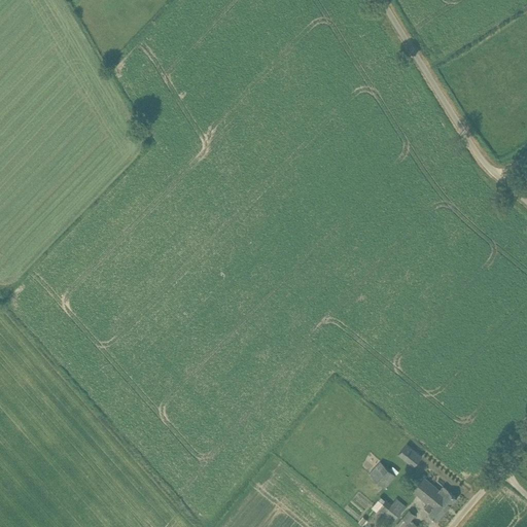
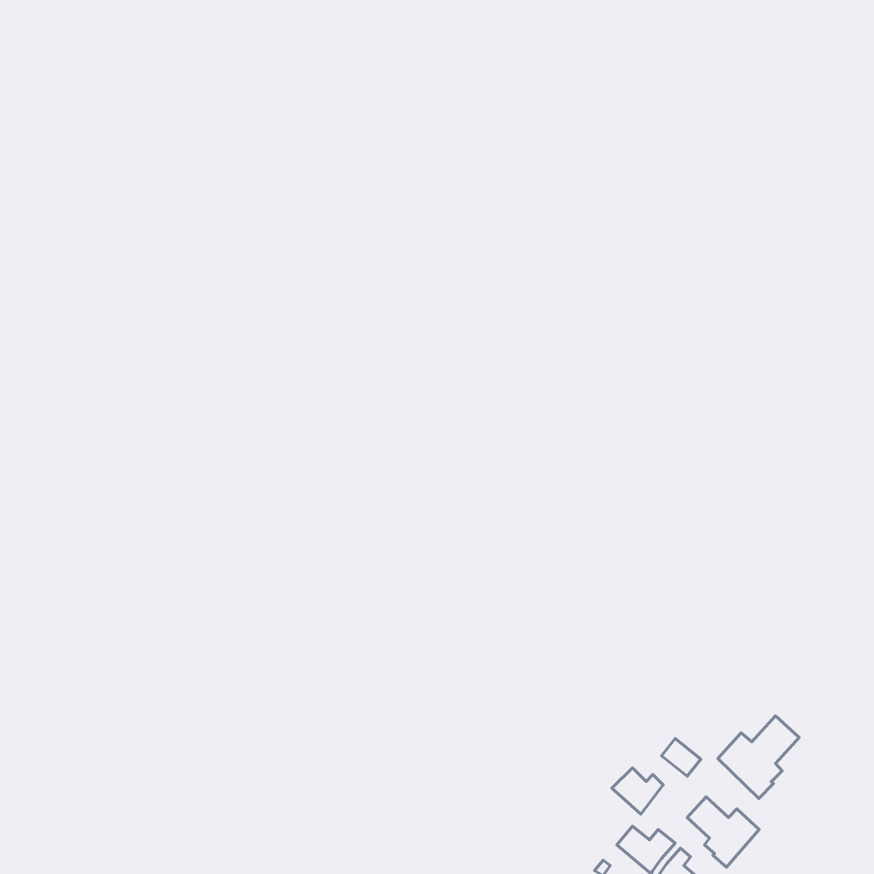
building: none -> [718,716,799,799]

